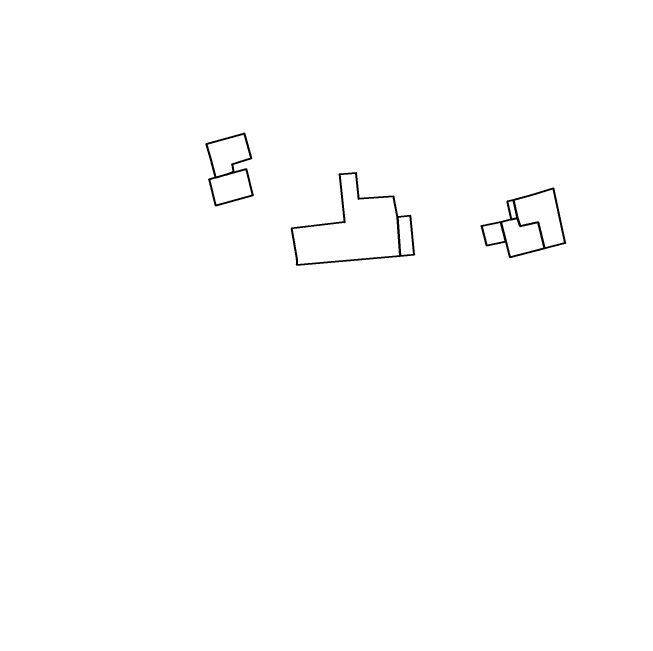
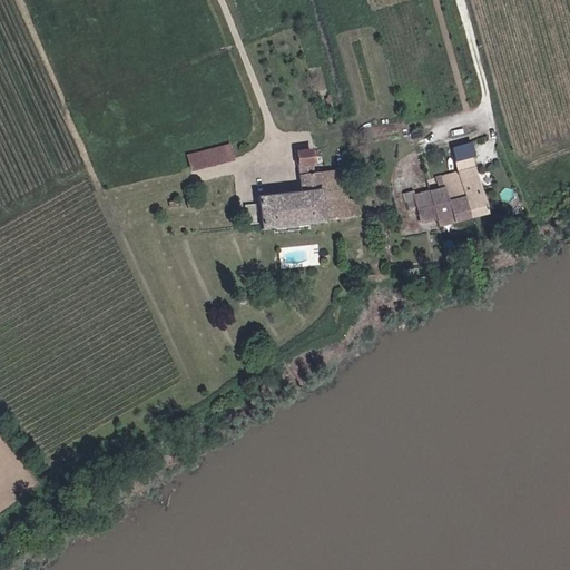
building: [206,133,251,178] -> none
building: none -> [452,139,478,168]

